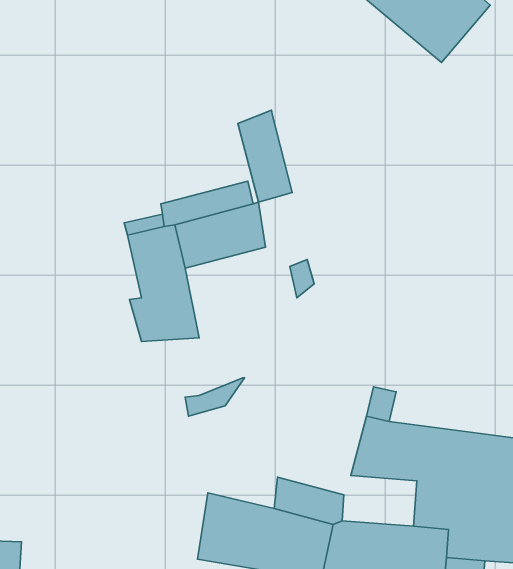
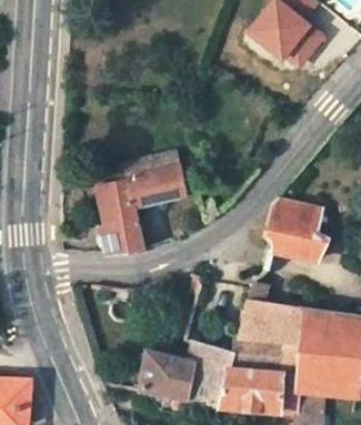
building: [238,110,292,202] -> none
building: none -> [268,200,327,261]
building: none -> [233,337,281,371]

